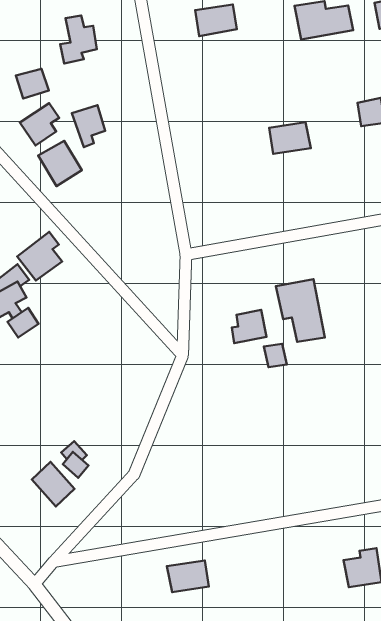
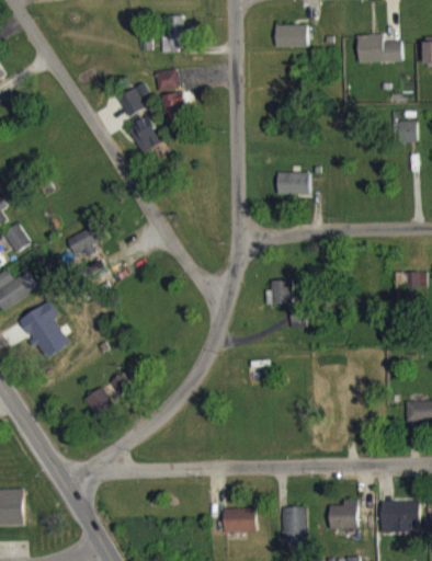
building: [16,69,49,98] -> [156,77,181,99]
building: [269,122,311,154] -> [278,180,310,202]
building: [17,232,62,280] -> none
building: [276,279,325,342] -> none
building: [167,561,209,592] -> [223,507,254,529]
building: none -> [282,506,306,538]

